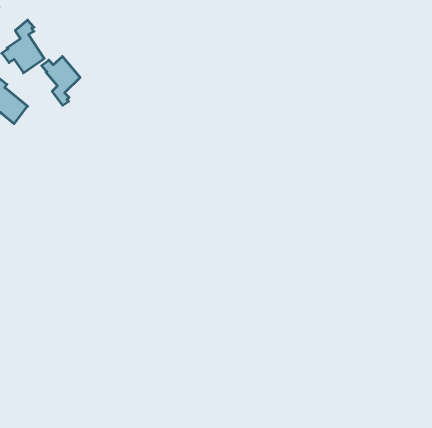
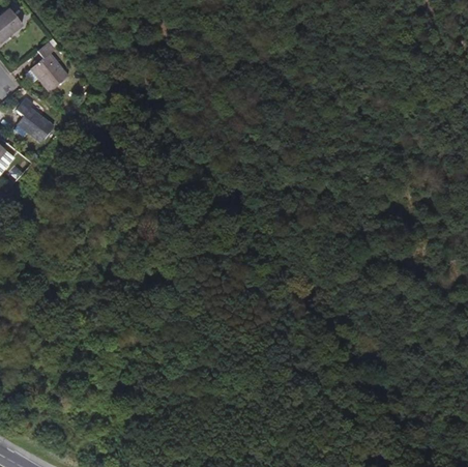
building: [42,56,80,105] -> none

